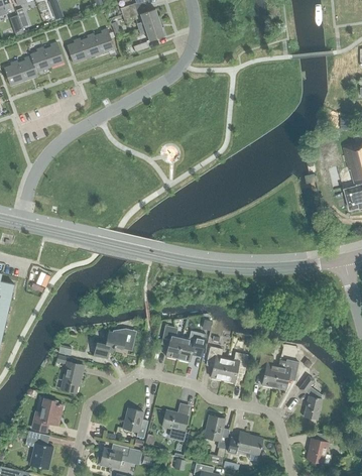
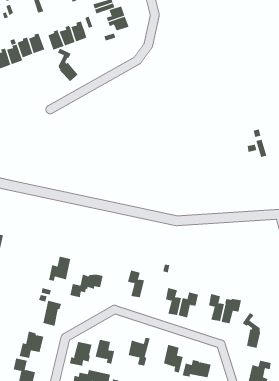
building: none -> [57,48,78,82]
building: none -> [48,256,71,281]
building: [177,331,206,362] -> none
building: none -> [69,341,92,366]

